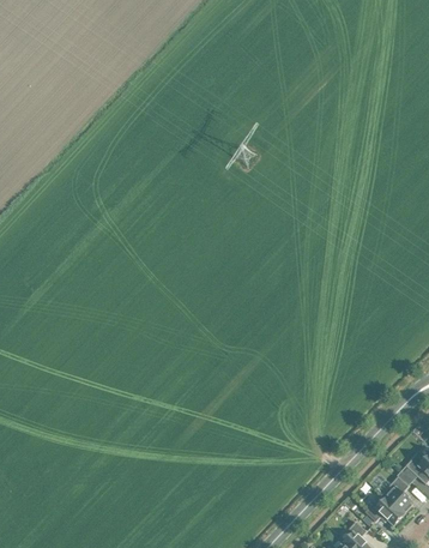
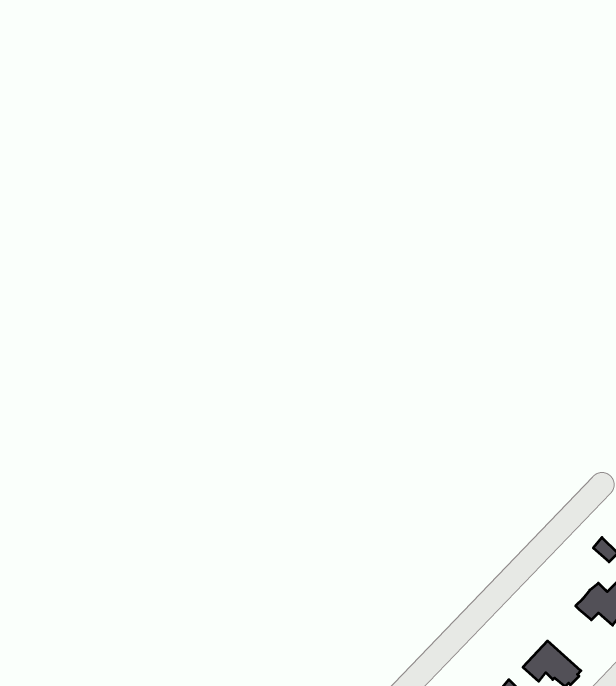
building: [381,476,412,514] -> none

